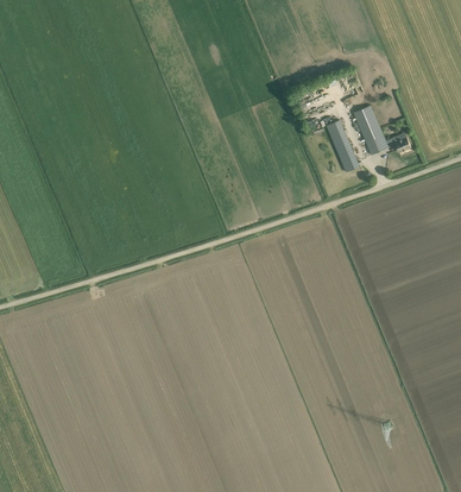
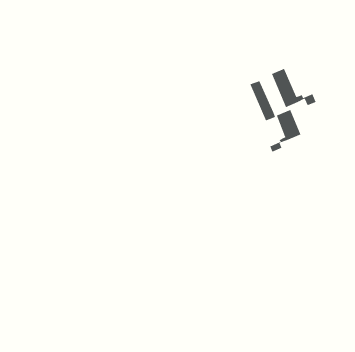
building: none -> [270,109,301,153]

